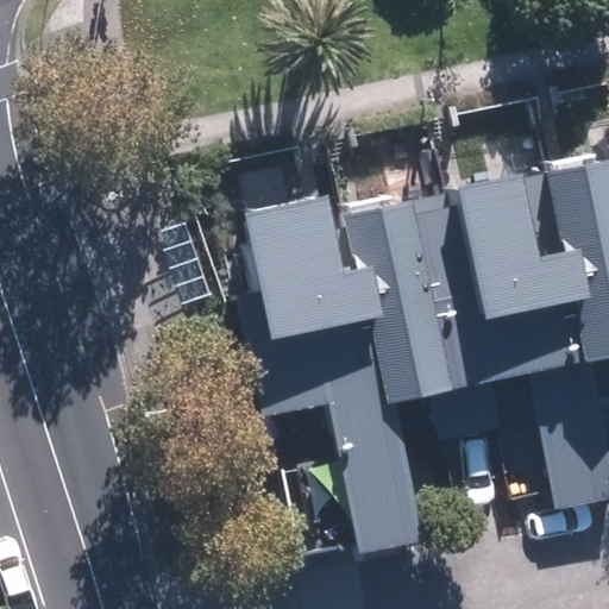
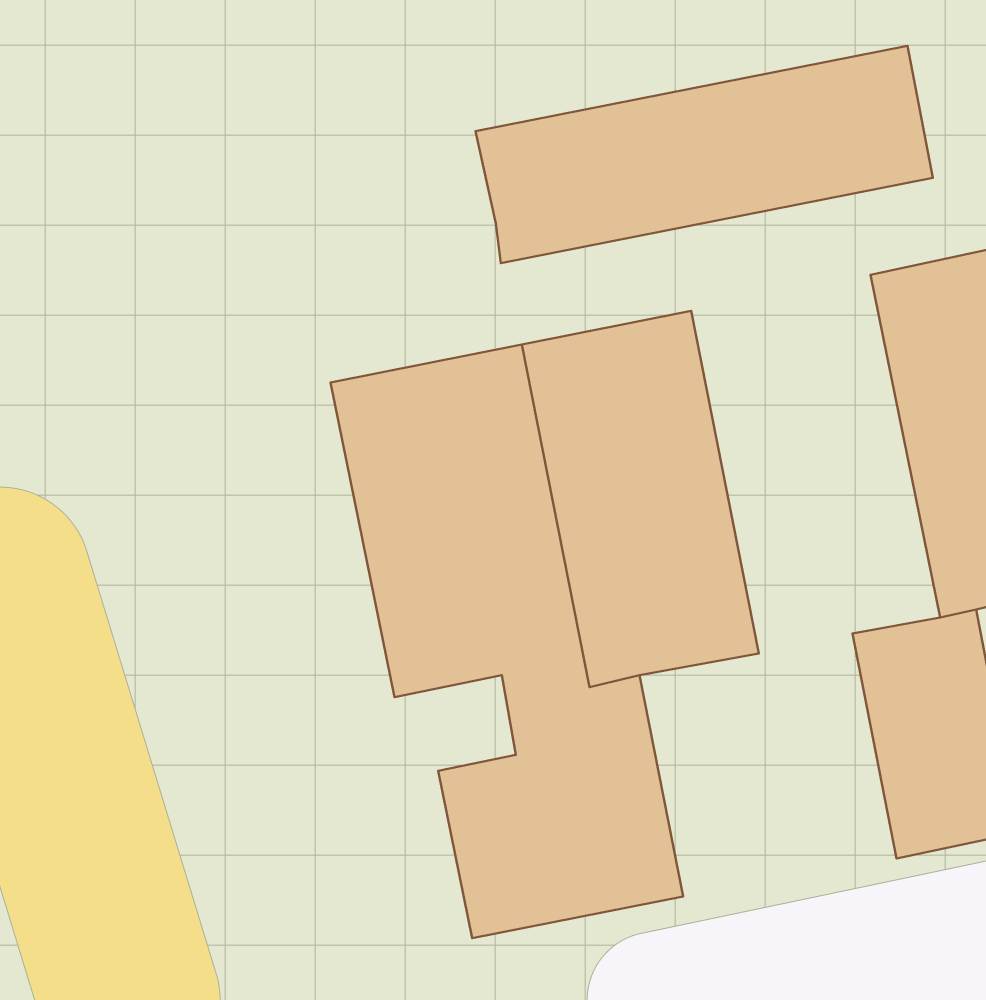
building: none -> [475,46,933,263]
building: [432,164,580,390] -> none

